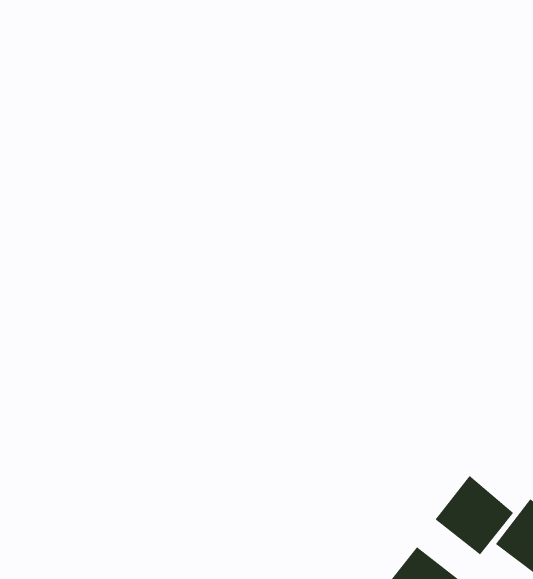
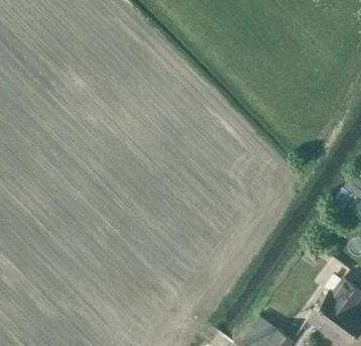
building: [434,475,514,555] -> none

